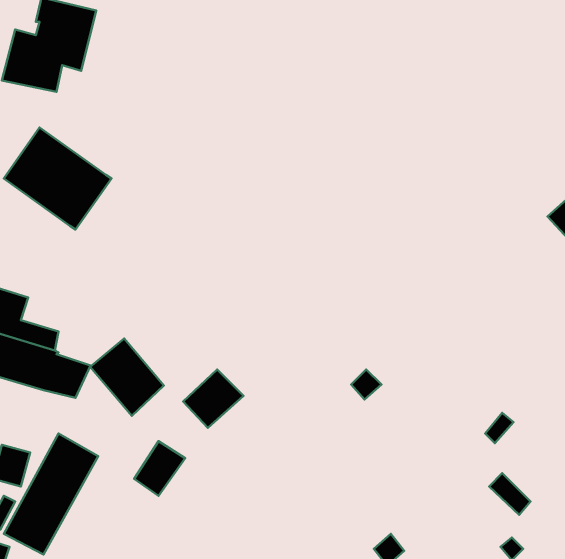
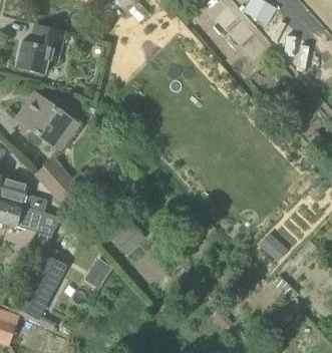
building: [90,338,164,416] -> [37,160,76,202]

